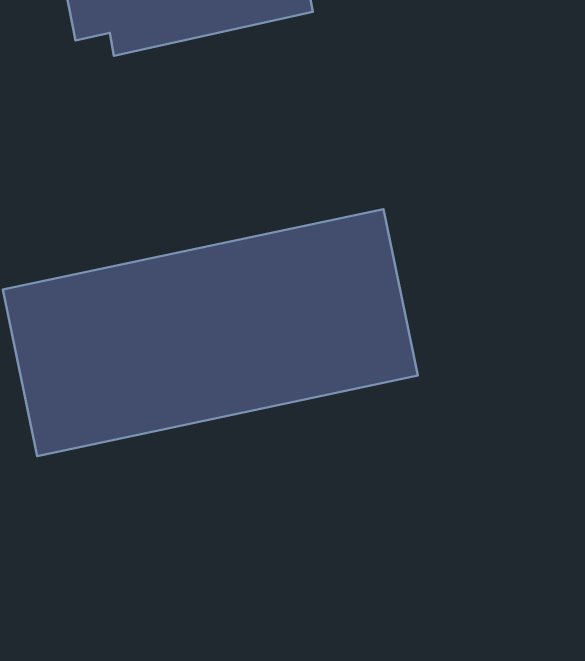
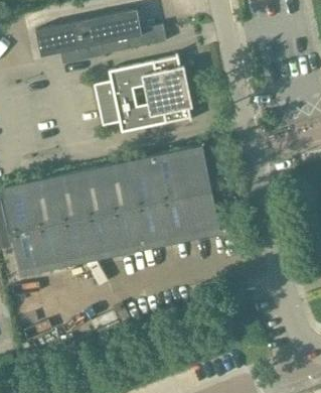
building: none -> [94,53,192,133]

